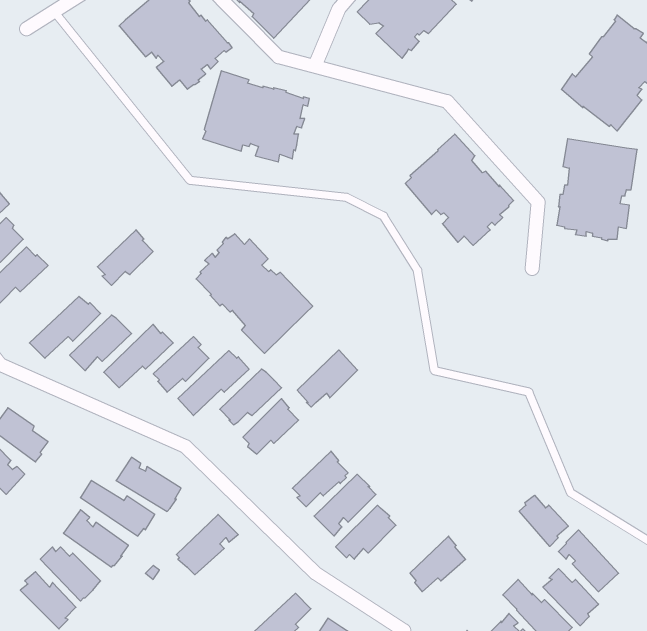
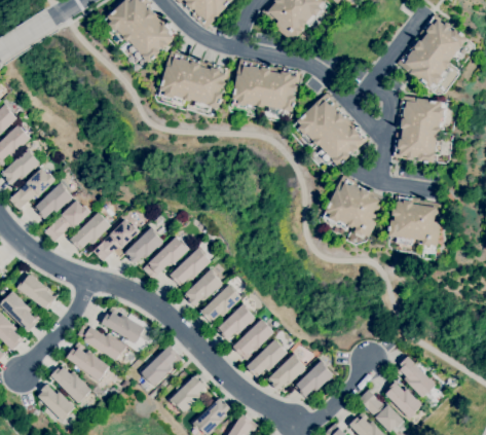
building: none -> [231,59,297,115]
building: [97,230,153,285] -> [35,182,72,219]
building: [196,234,313,353] -> none
building: none -> [323,175,385,238]
building: none -> [388,194,441,246]
building: [297,350,358,407] -> [200,285,240,323]
building: [519,495,568,546] -> none
building: none -> [268,353,305,390]
building: none -> [170,374,207,412]

